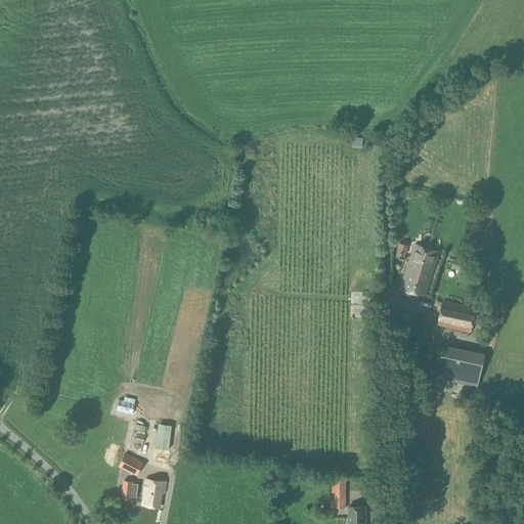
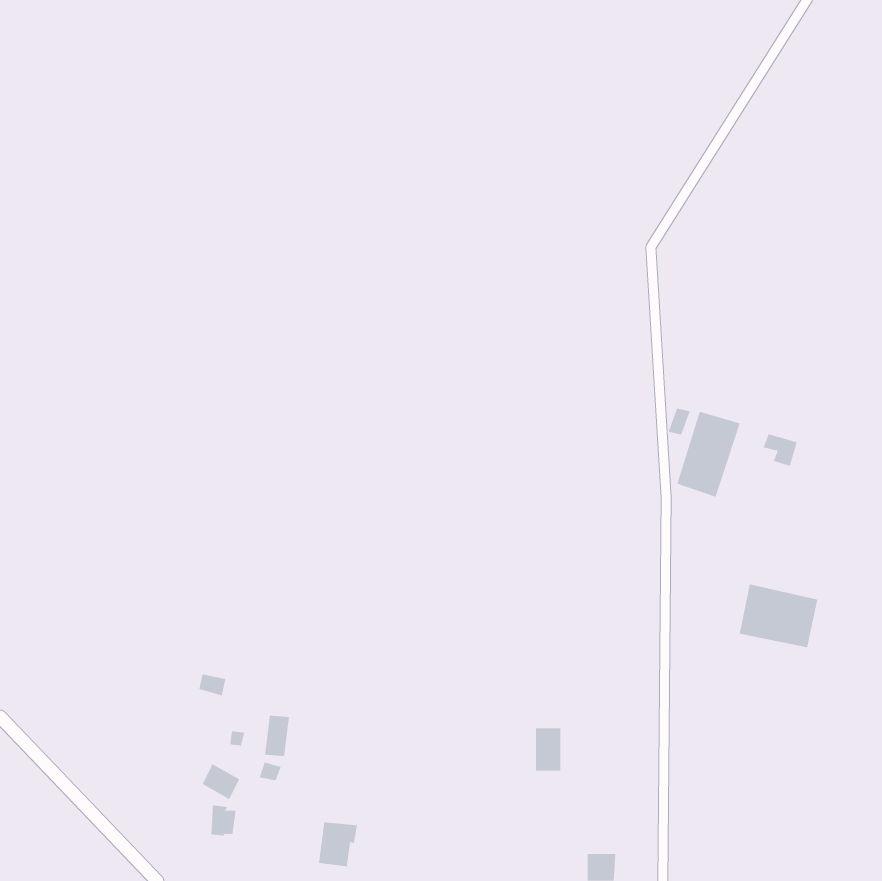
building: [437,298,477,333] -> none
building: [142,479,166,506] -> [318,822,358,867]
building: [331,479,346,505] -> [535,728,561,771]

